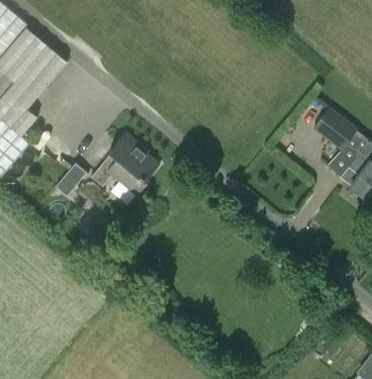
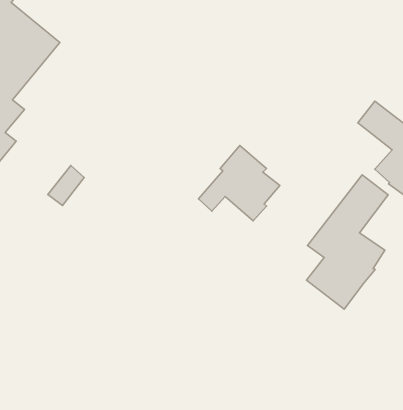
building: [91,130,159,193] -> [198,145,280,221]
building: none -> [306,175,388,309]

